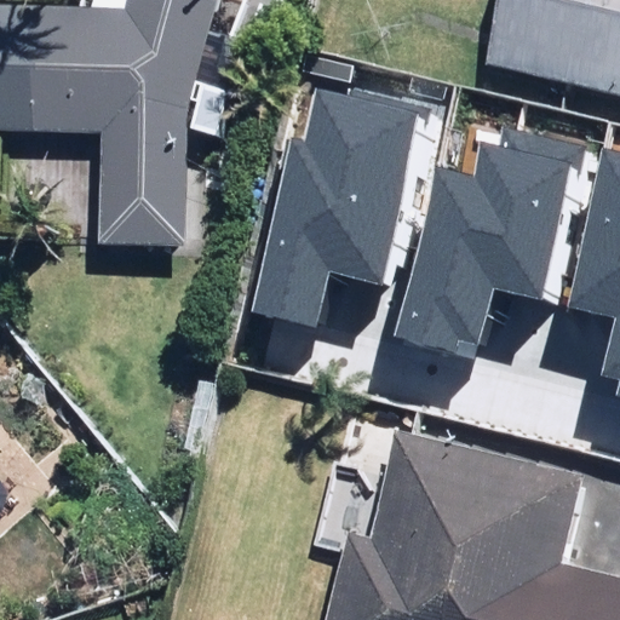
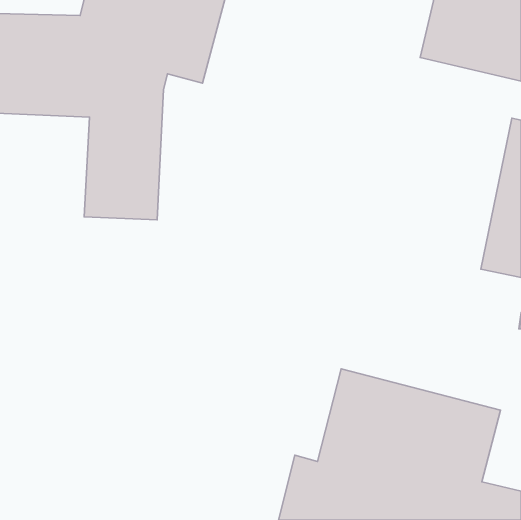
building: [252,75,427,315] -> none
building: [401,114,576,354] -> none

